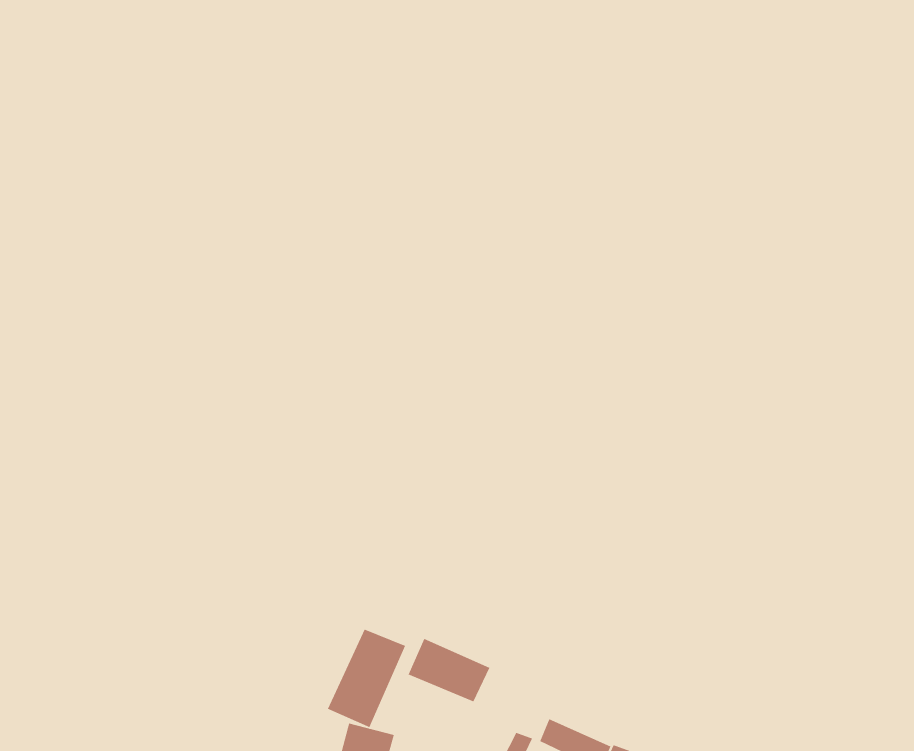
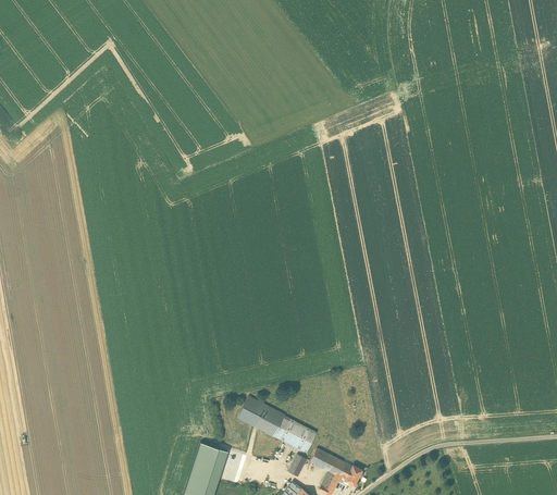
building: [327,628,406,728] -> none
building: none -> [275,417,318,453]

